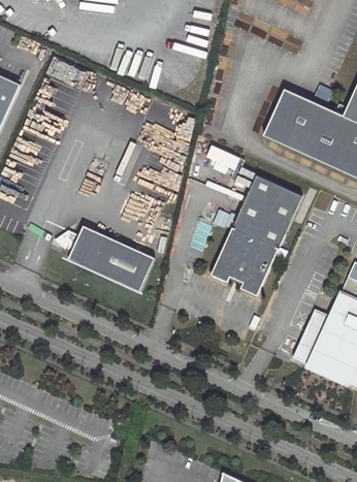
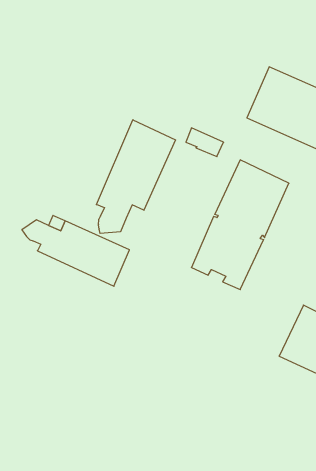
building: none -> [96,120,176,233]

